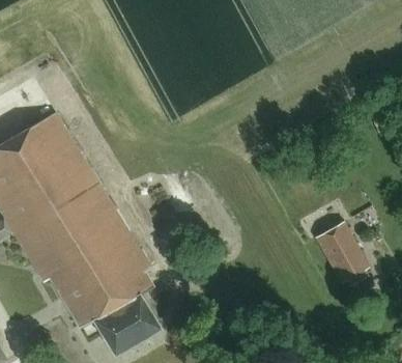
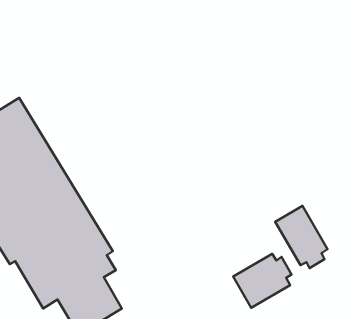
building: none -> [233,254,291,308]

